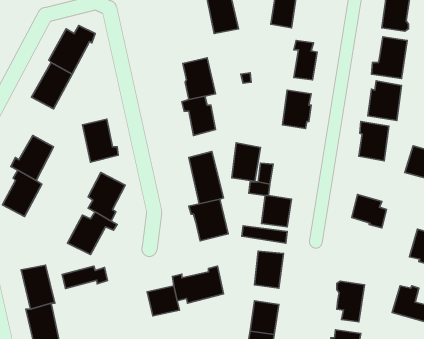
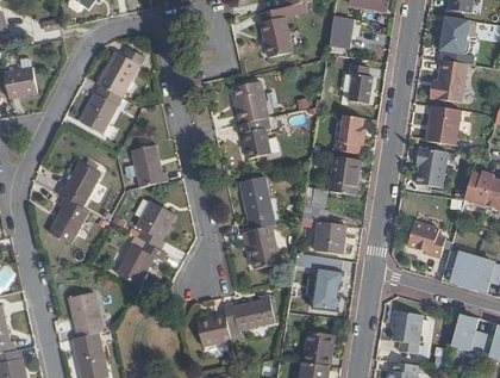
building: [232,143,261,181] -> [330,156,360,196]
building: none -> [444,250,476,286]
building: [62,266,107,288] -> none

